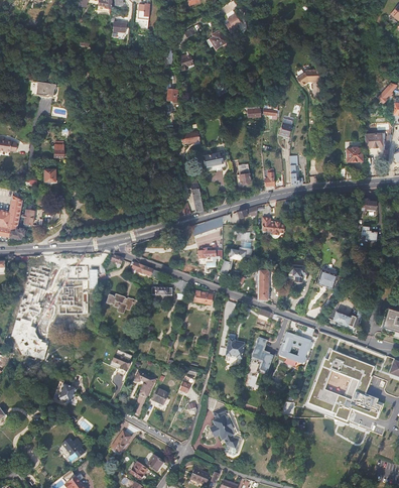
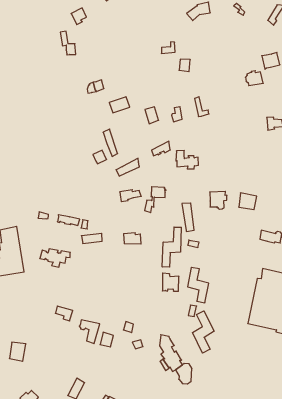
building: none -> [162,227,181,267]
building: [279,332,312,362] -> none
building: none -> [192,311,214,353]

